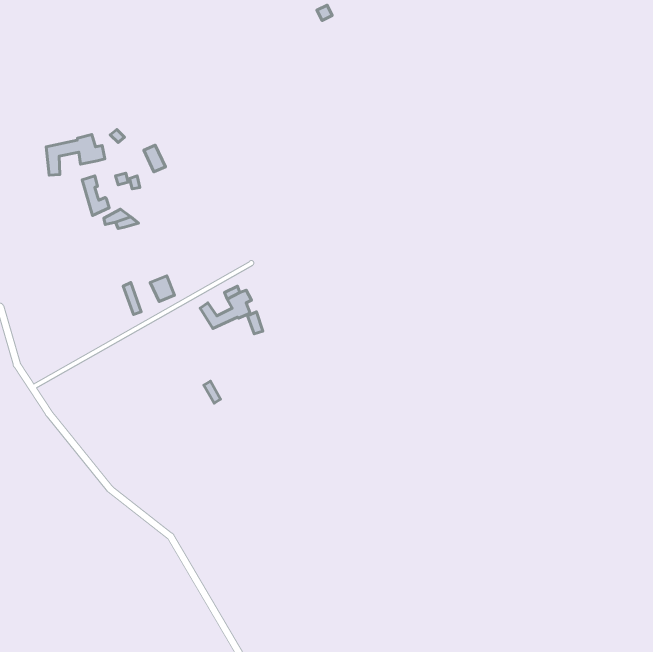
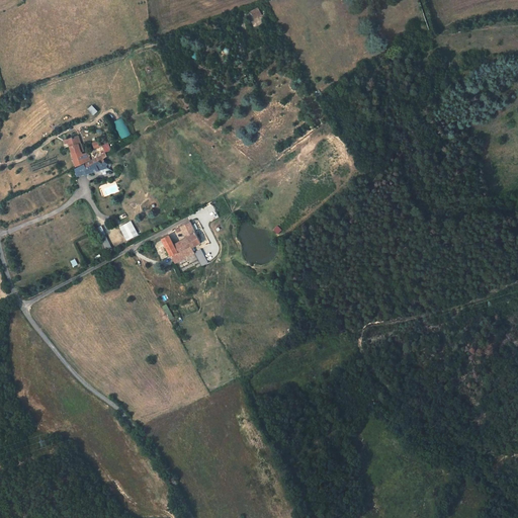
building: [46,134,105,175] -> none

